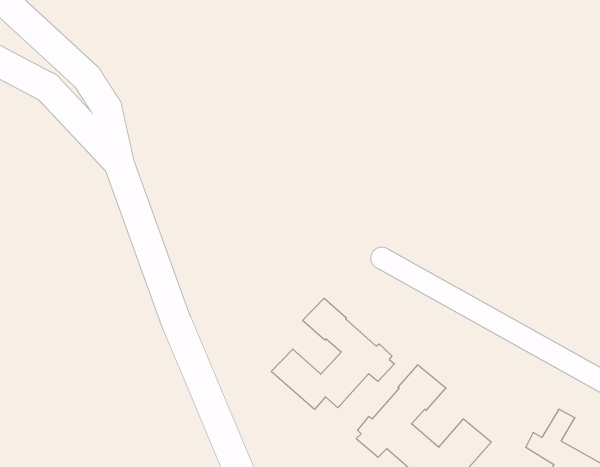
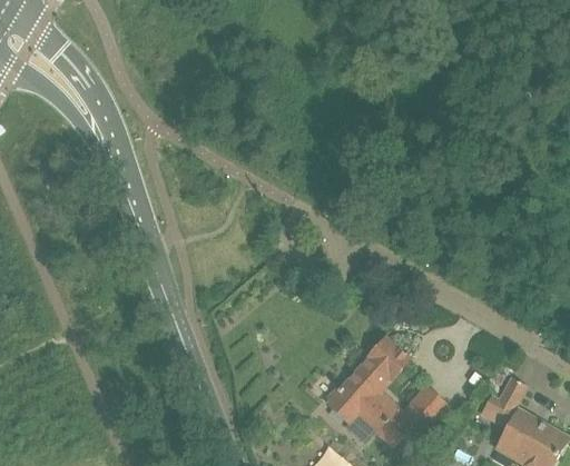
building: [271,298,395,410] -> none

